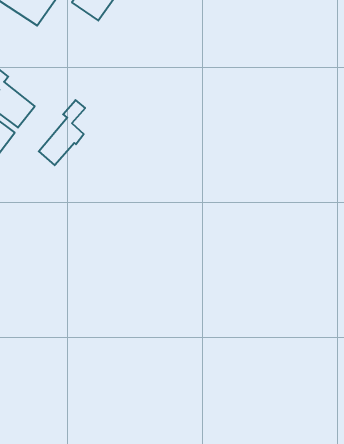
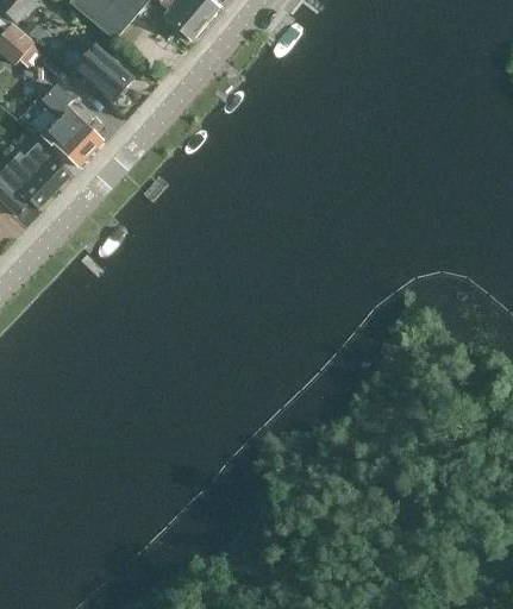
building: none -> [74,40,133,100]
building: [39,100,85,165] -> none

